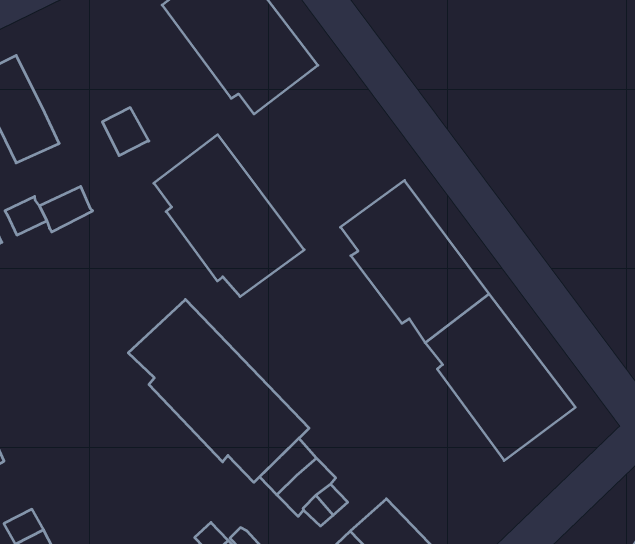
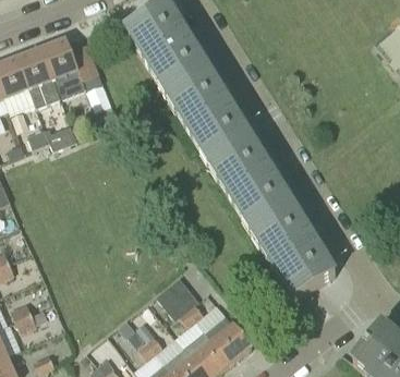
building: none -> [41,38,98,80]
building: [154,135,304,297] -> [171,69,252,160]
building: [128,299,309,482] -> none

